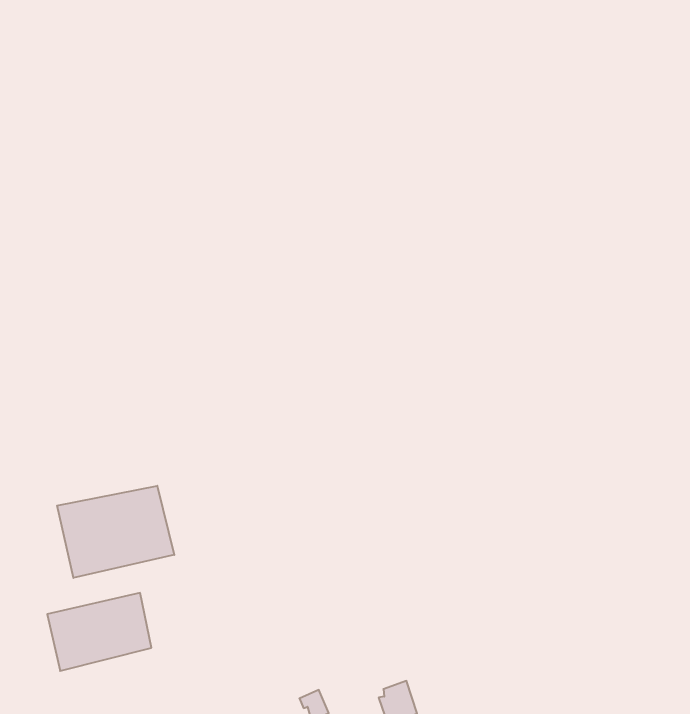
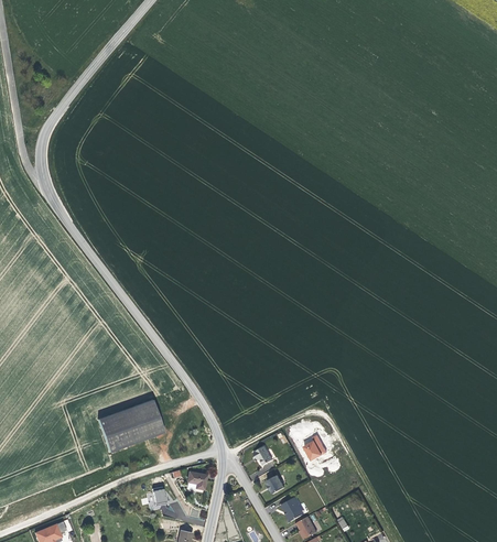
building: [57,486,174,578] -> none

